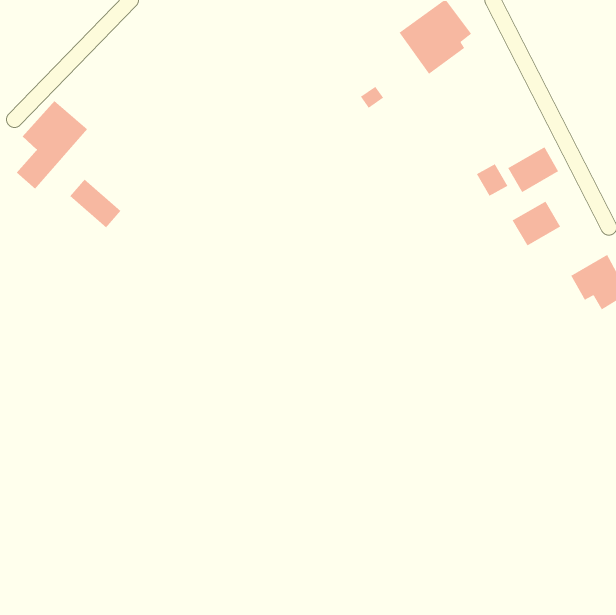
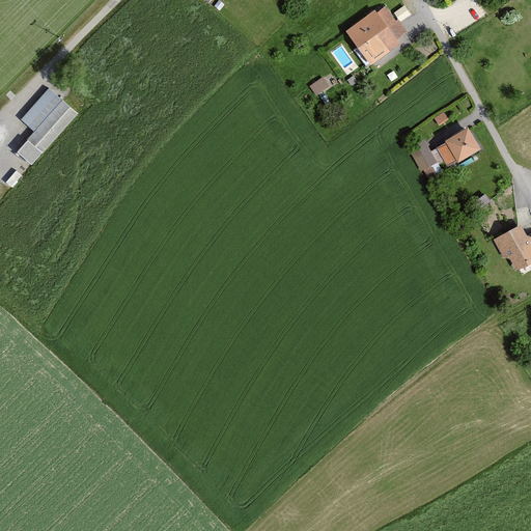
building: [69,178,121,229] -> none
building: [512,200,561,247] -> none

